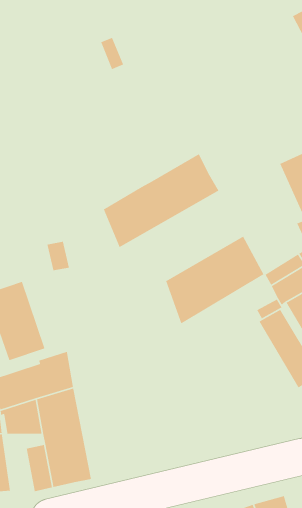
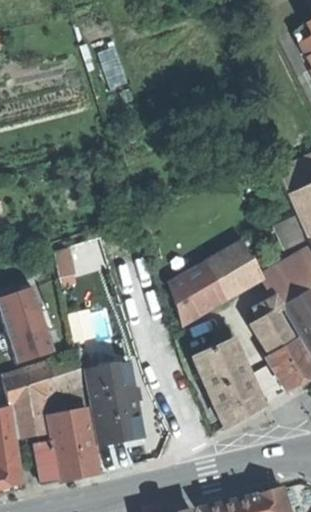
building: [103,153,219,248] -> none
building: none -> [194,339,264,427]
building: none -> [88,362,143,443]

